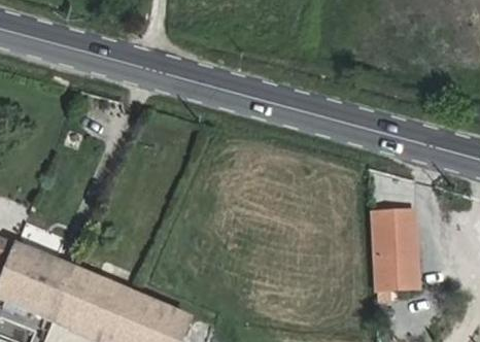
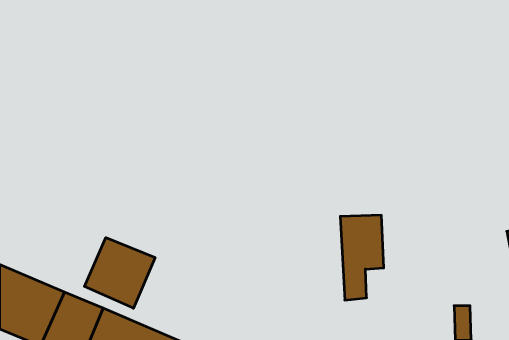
building: [376,211,415,287] -> [340,215,384,300]
building: none -> [84,238,155,308]

